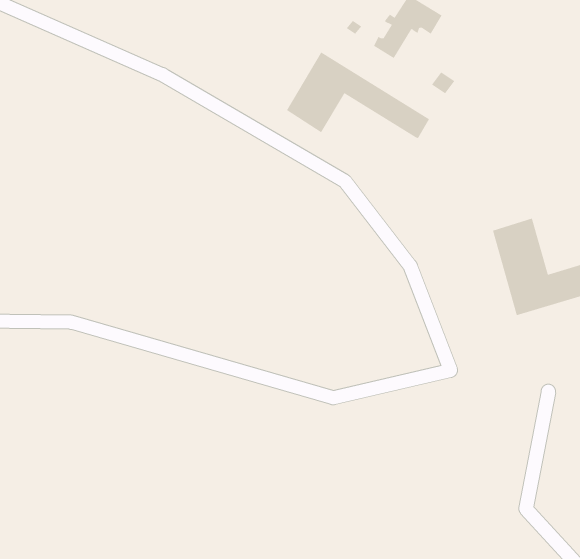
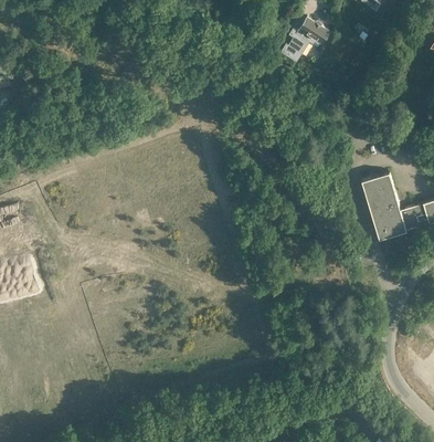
building: [286,51,430,139] -> none

